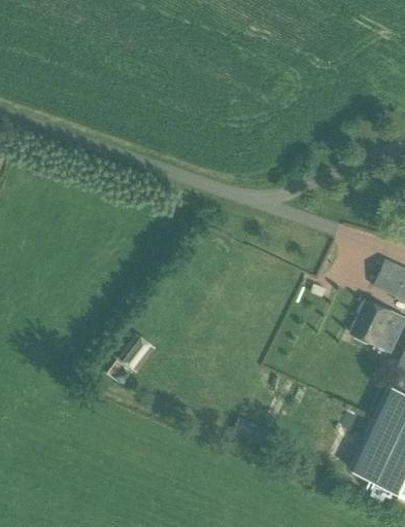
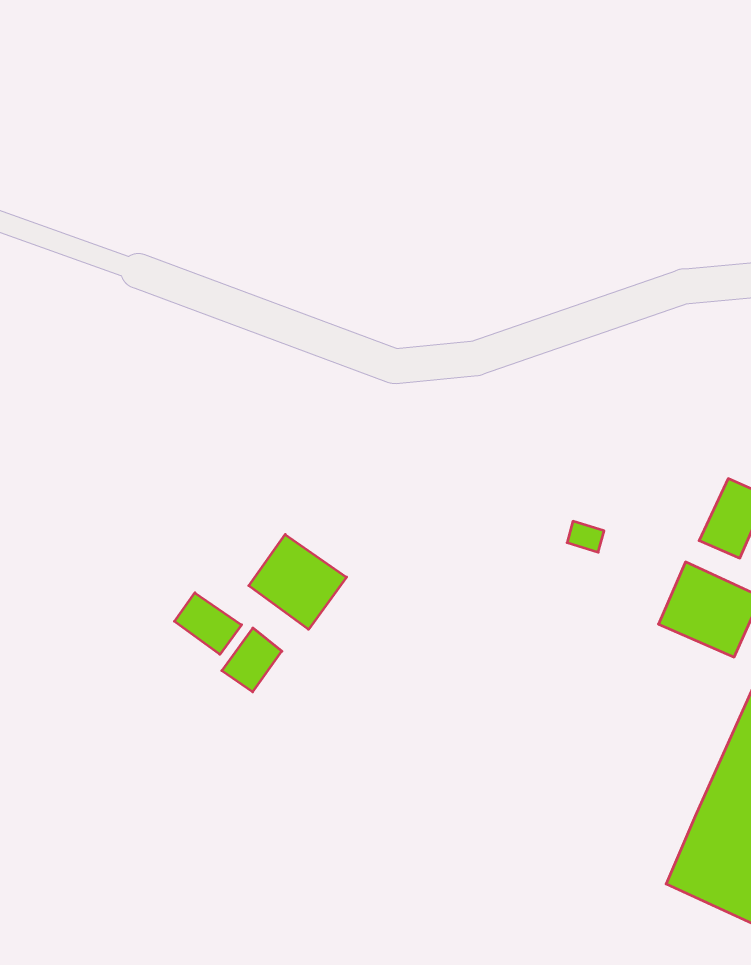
building: none -> [249,534,347,629]
building: none -> [174,593,242,654]

